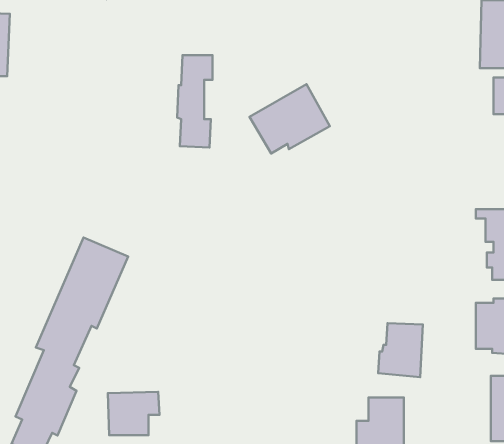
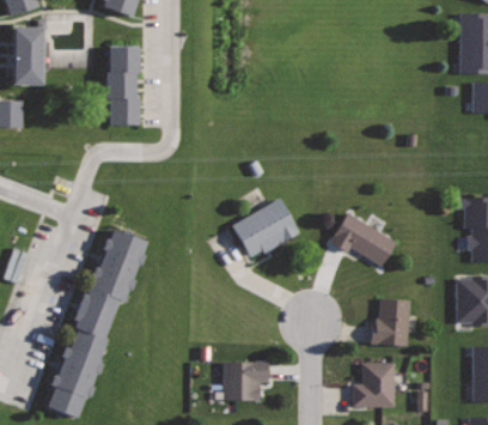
building: [177,55,212,147] -> [108,43,139,125]
building: [250,84,330,153] -> [230,198,300,259]
building: none -> [330,213,395,266]
building: [108,392,159,435] -> [224,363,269,401]

